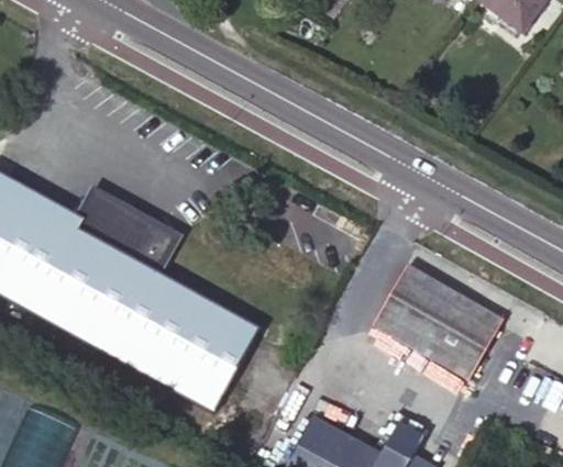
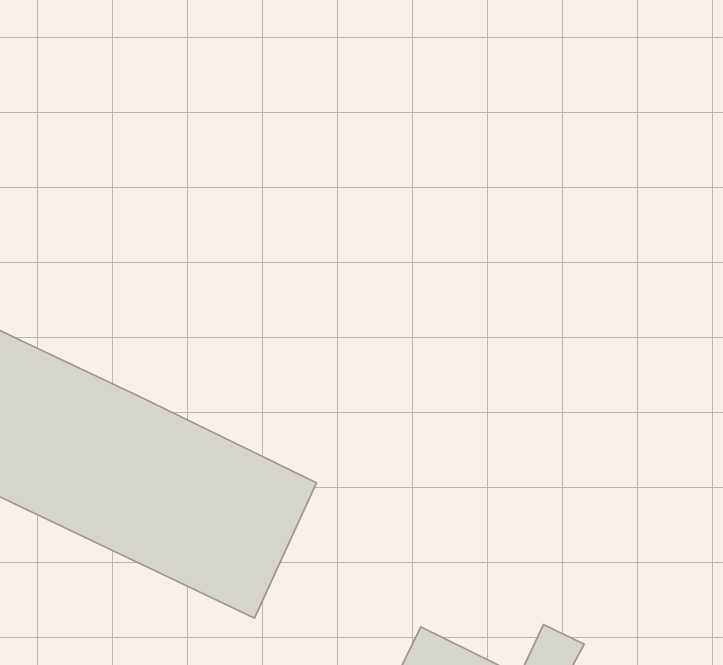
building: [77,194,163,263] -> none
building: [369,265,500,379] -> none

